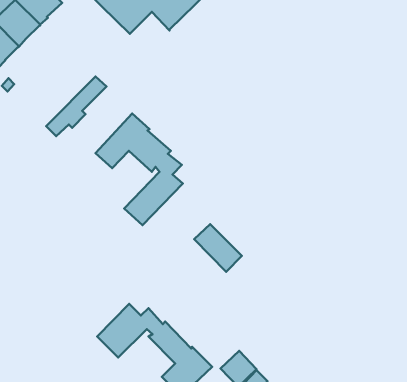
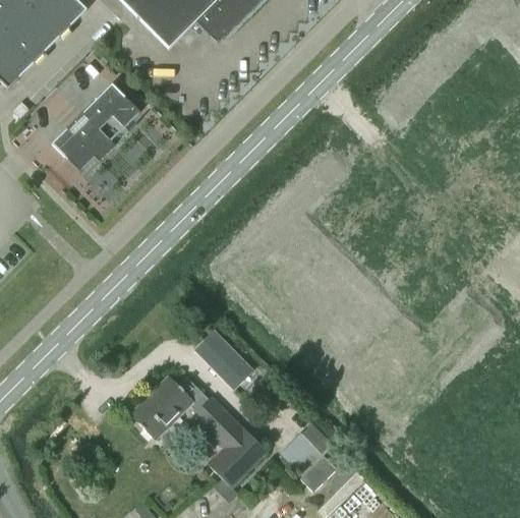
building: none -> [52,83,127,159]
building: [95,113,183,225] -> none
building: [194,224,242,272] -> [194,330,252,388]

